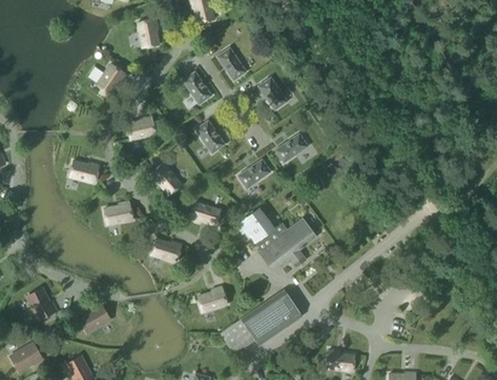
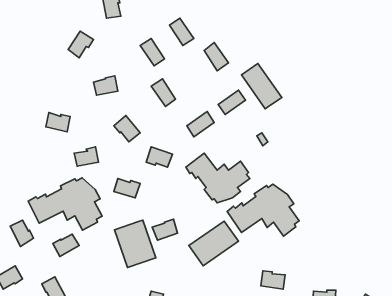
building: none -> [241,64,282,109]
building: none -> [28,178,102,230]
building: none -> [227,184,299,236]
building: none -> [114,220,156,267]

